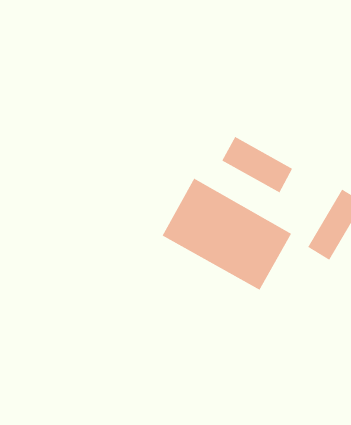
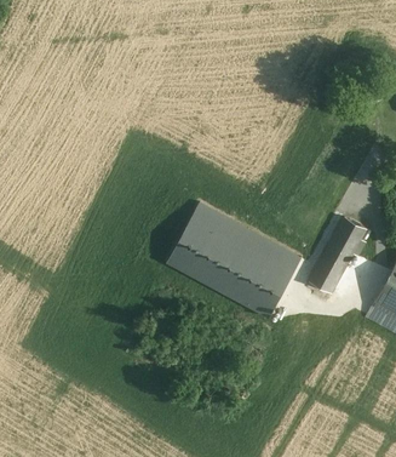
building: [221,136,293,193] -> none

